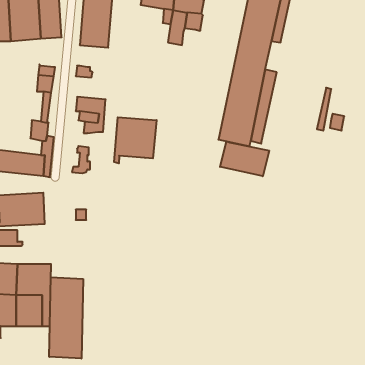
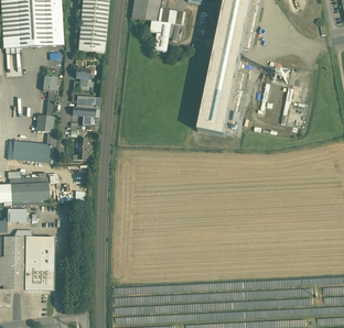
building: [114,117,157,163] -> none
building: [220,141,269,176] -> none
building: [49,277,83,359] -> none

